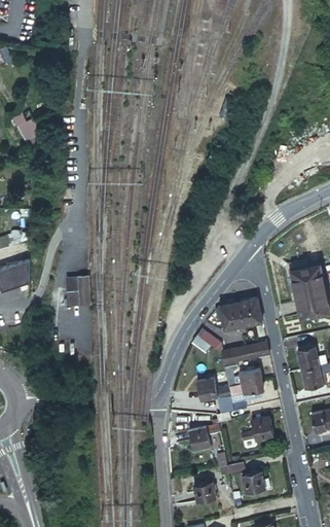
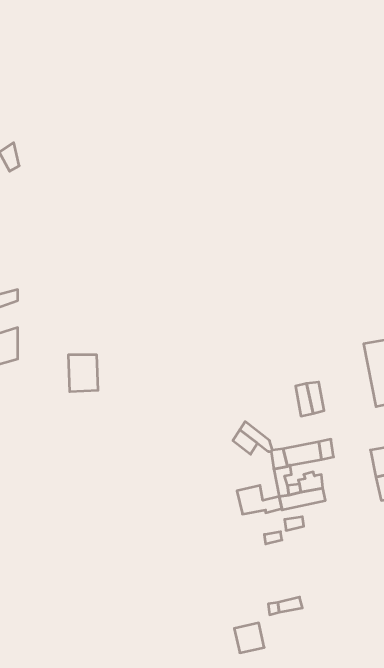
building: [219,303,244,329] -> none
building: [240,418,271,442] -> none
building: [187,424,219,449] -> none
building: [242,471,269,495] -> none

